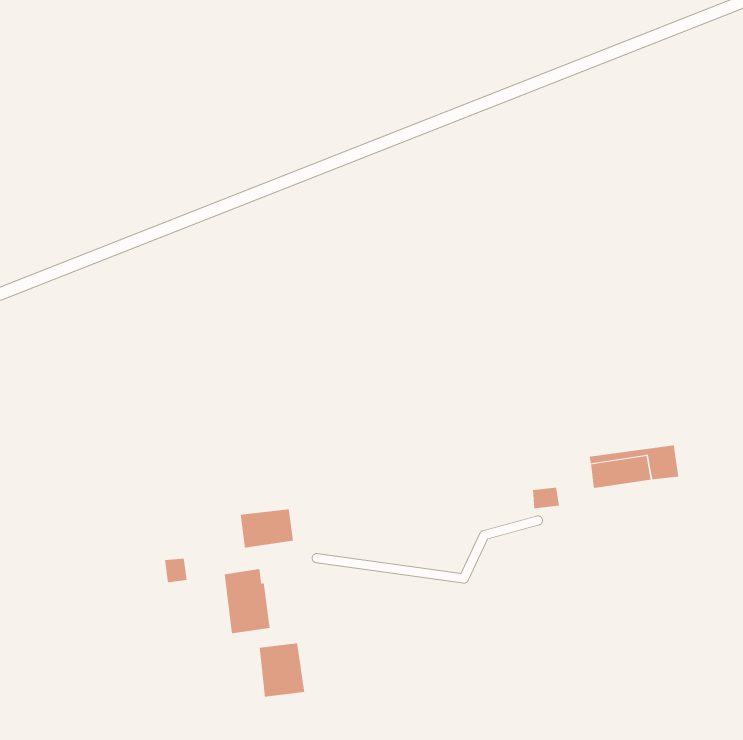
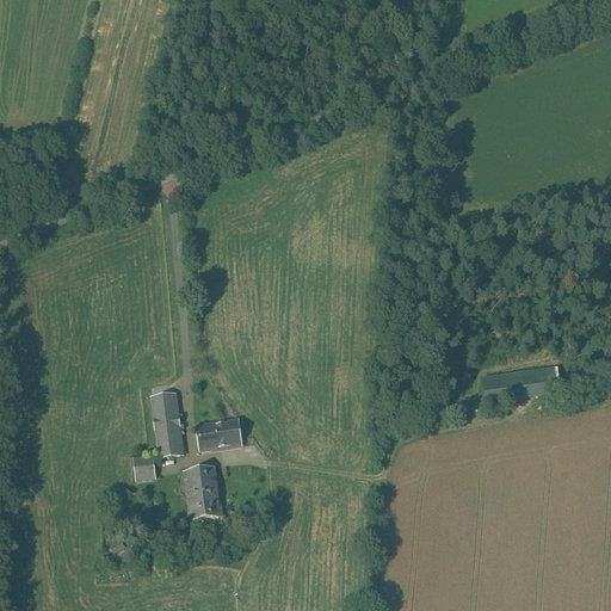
building: none -> [152,394,183,457]
building: [259,642,305,698] -> none

